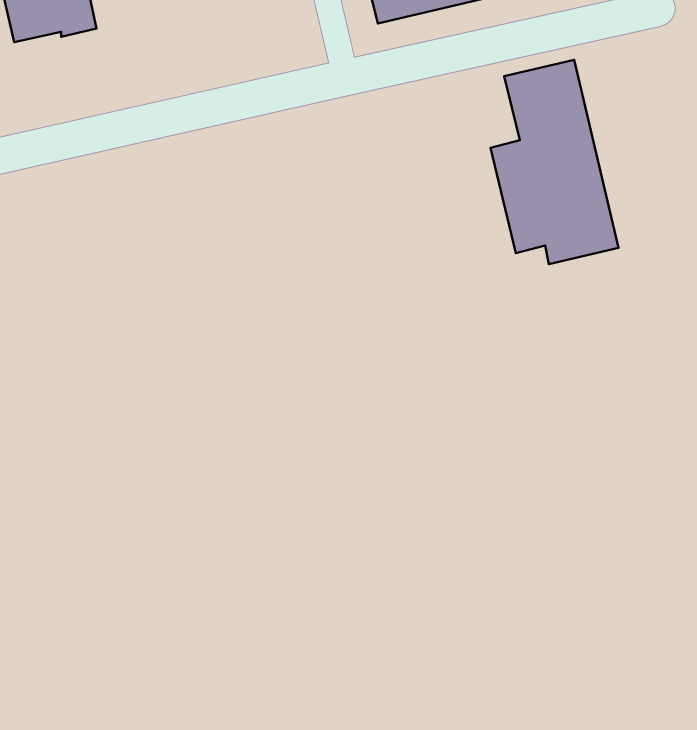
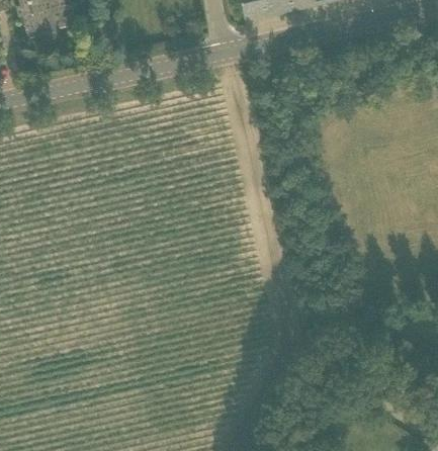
building: [491,60,619,264] -> none

